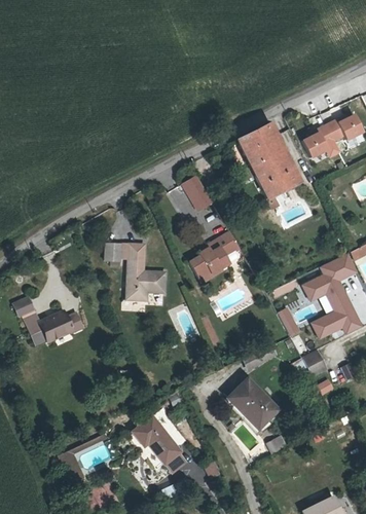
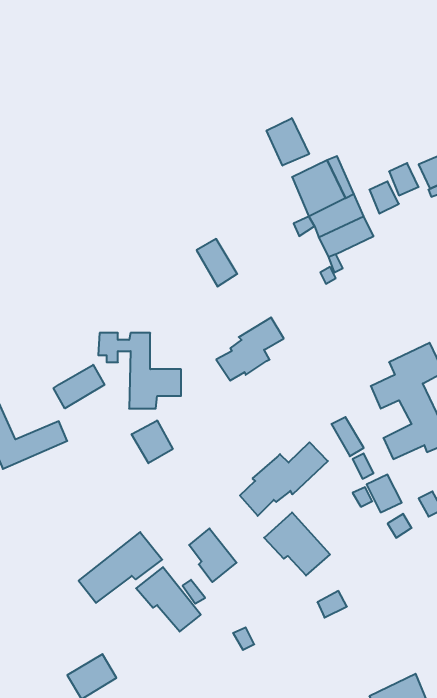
building: none -> [267,118,309,166]
building: none -> [54,365,104,408]
building: none -> [132,420,173,463]
building: none -> [240,442,328,516]
building: none -> [189,528,237,582]
building: none -> [79,532,162,603]

